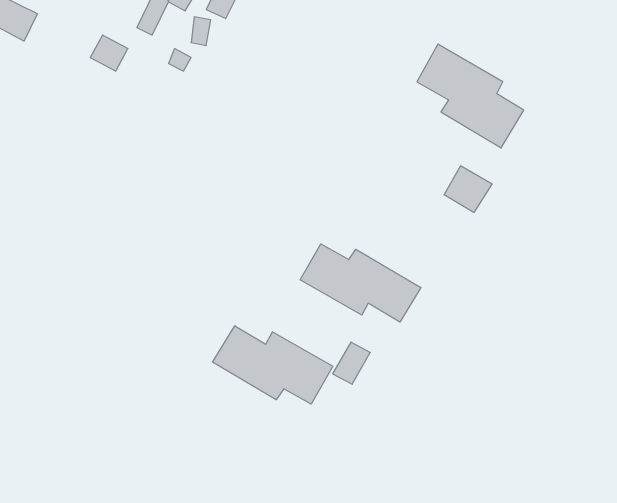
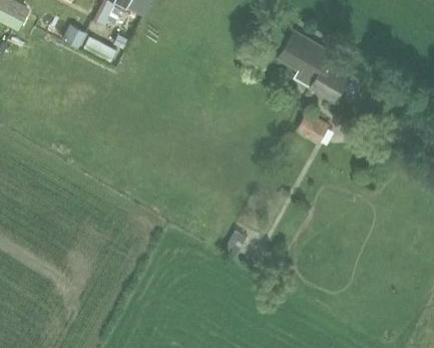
building: [300,244,421,322] -> none
building: [213,326,333,404] -> none

